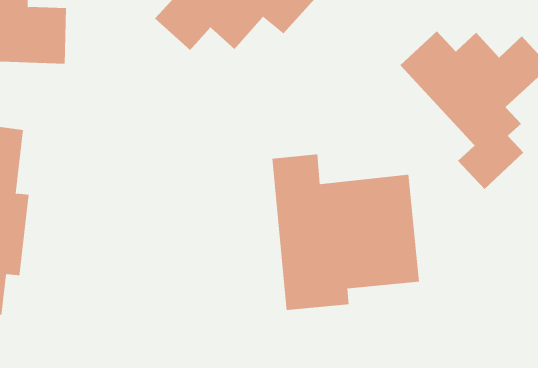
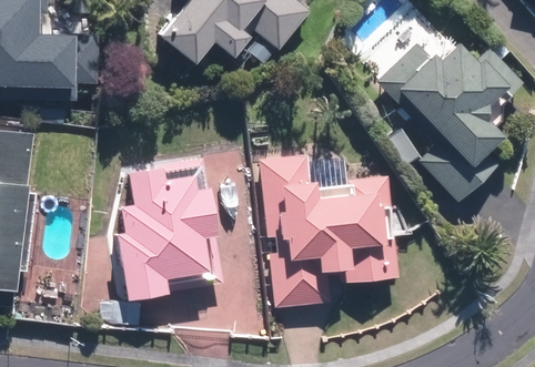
building: none -> [108,163,211,300]

